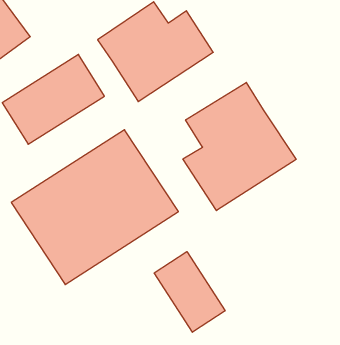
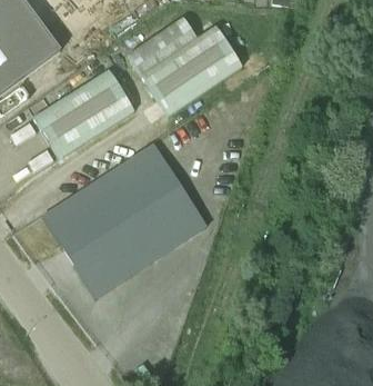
building: [183,82,296,211] -> none
building: [154,252,225,332] -> none

